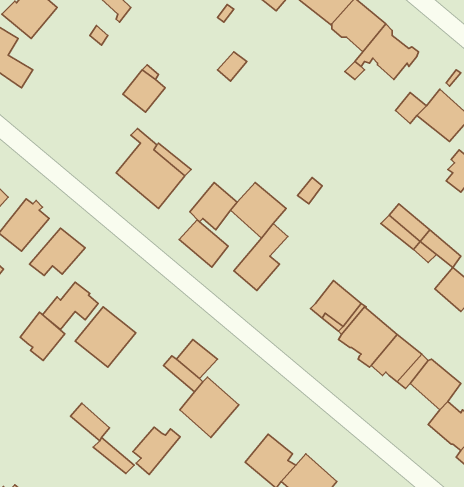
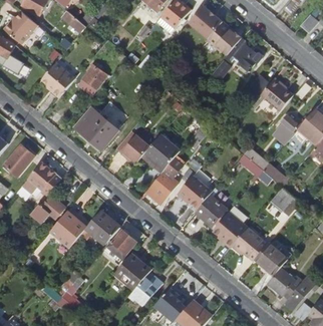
building: none -> [42,60,76,96]
building: [179,220,228,267] -> [89,212,119,241]
building: none -> [177,176,212,209]
building: [20,312,65,361] -> none
building: [133,427,180,474] -> [132,277,162,306]

